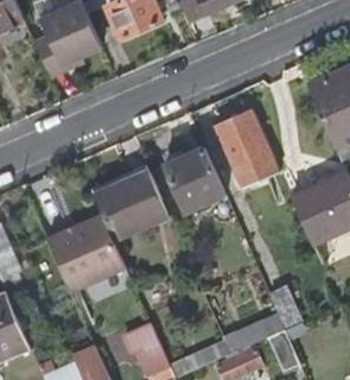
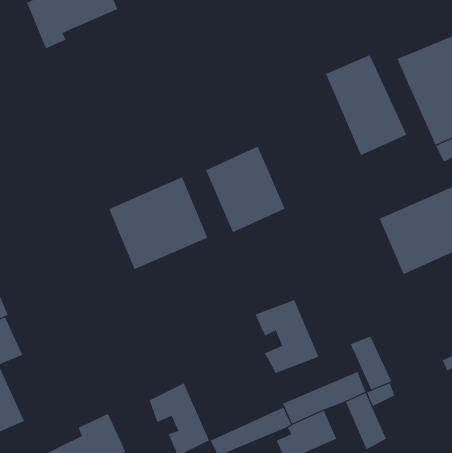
building: [215,110,275,185] -> [325,54,407,156]
building: [46,214,126,291] -> none
building: none -> [255,299,319,374]

